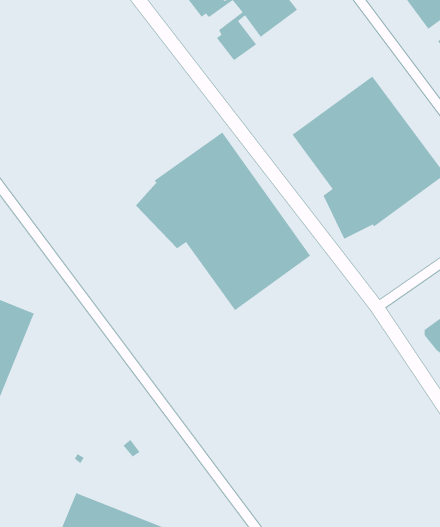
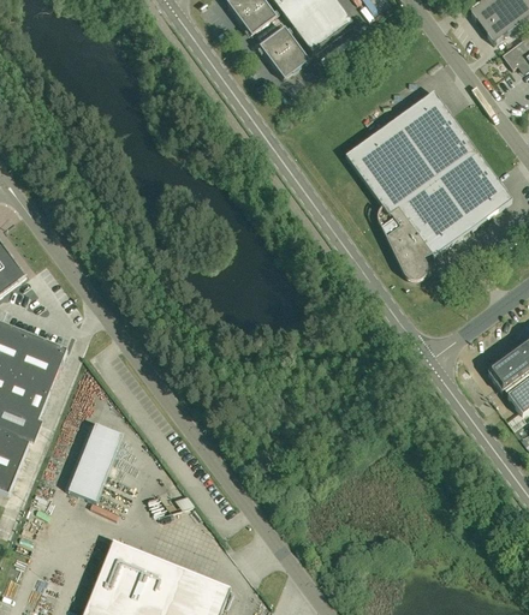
building: [135,132,311,311] -> none
building: none -> [69,423,123,501]

